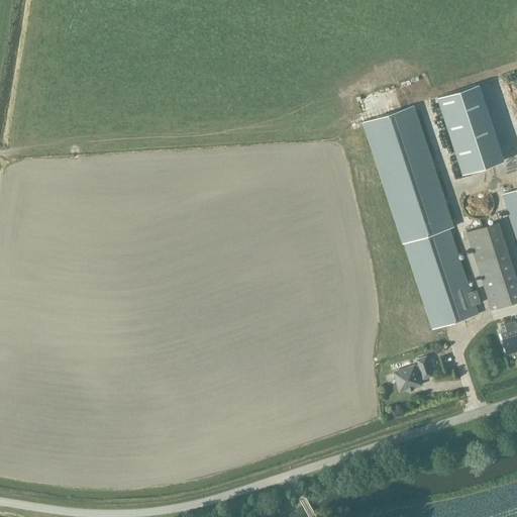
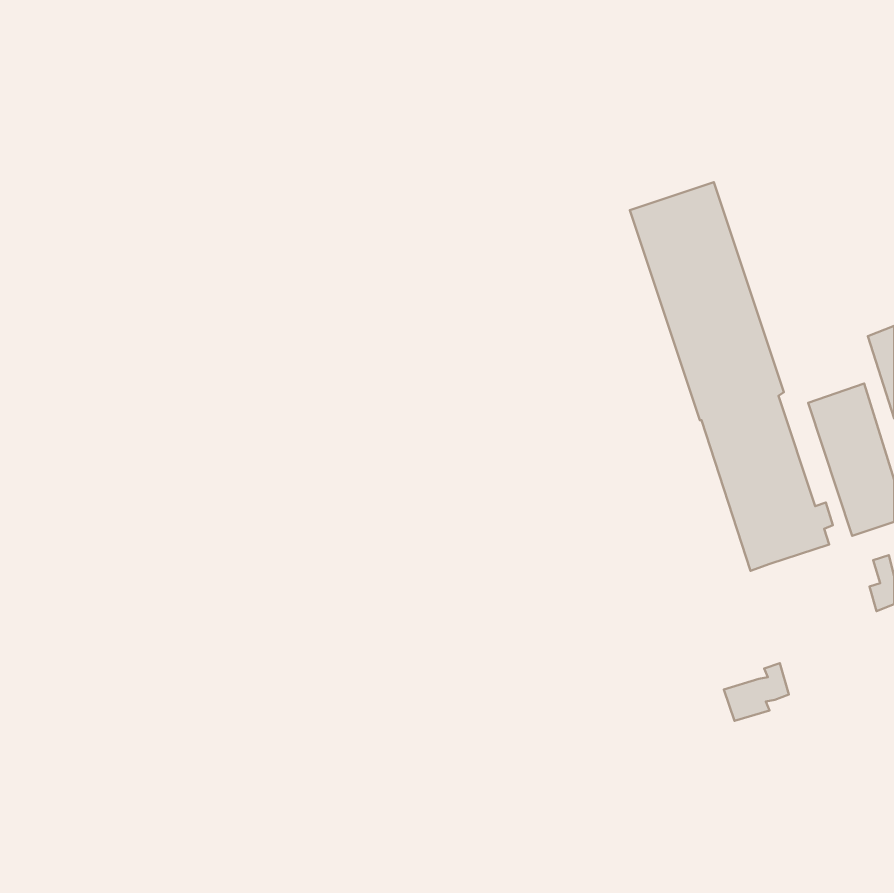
building: [437,85,501,175] -> none
building: [394,357,431,391] -> [724,663,789,721]

